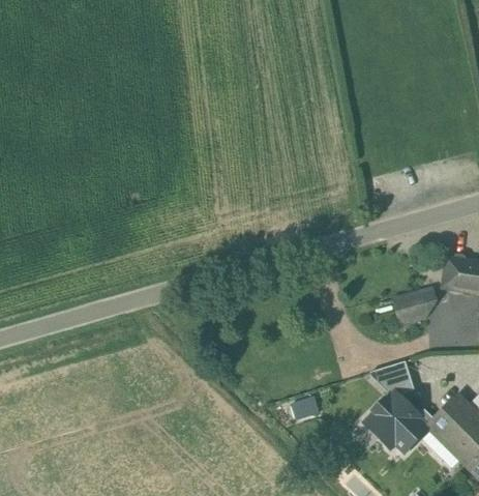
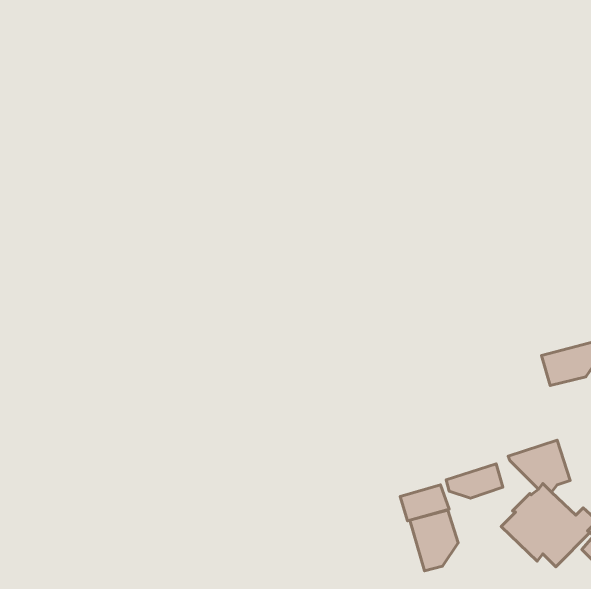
building: none -> [446,464,503,498]
building: none -> [410,510,458,571]

